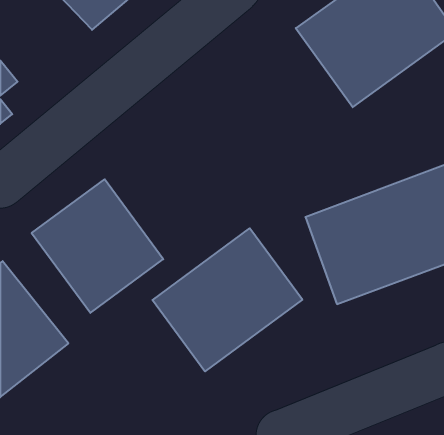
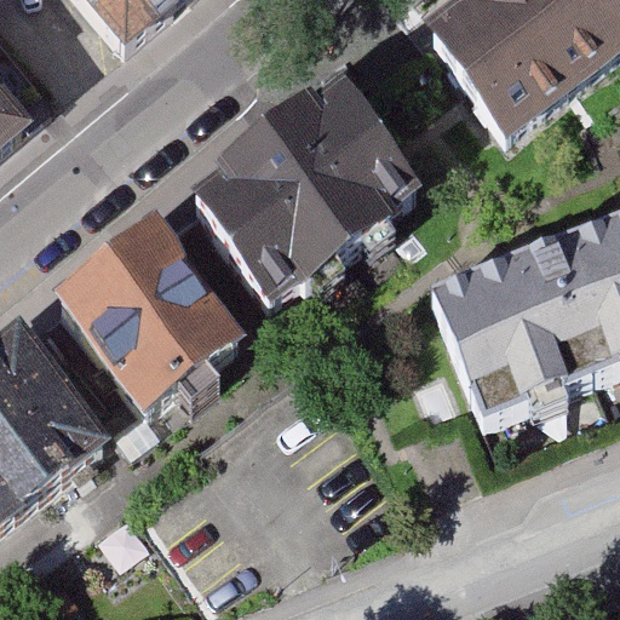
building: none -> [193,101,413,311]
building: [152,228,302,371] -> none

